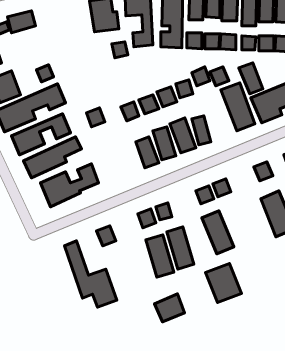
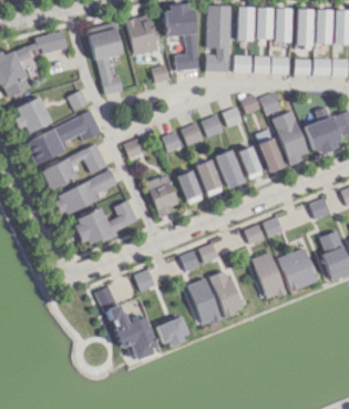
building: none -> [91,28,123,94]
building: [239,63,263,94] -> [258,137,285,172]
building: none -> [146,174,181,215]
building: [205,264,242,303] -> [278,247,318,290]
building: [155,294,185,322] -> [156,315,189,346]

